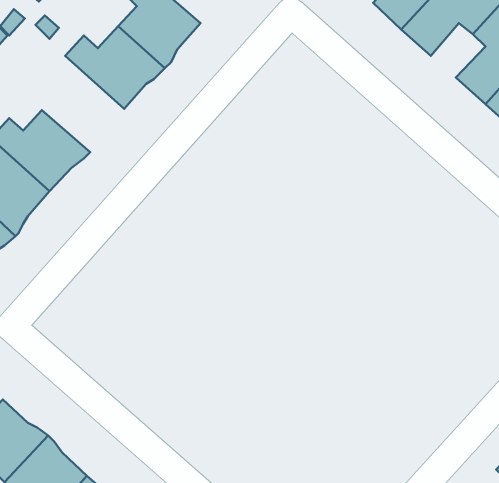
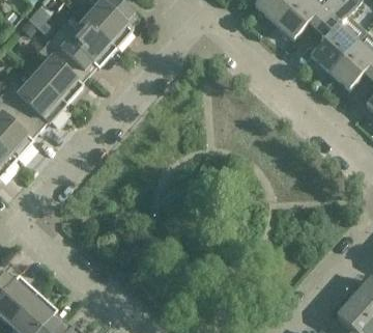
building: none -> [33,39,88,104]

